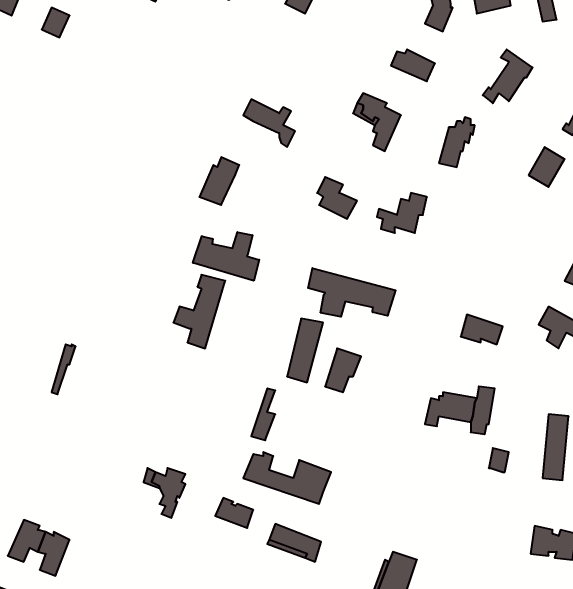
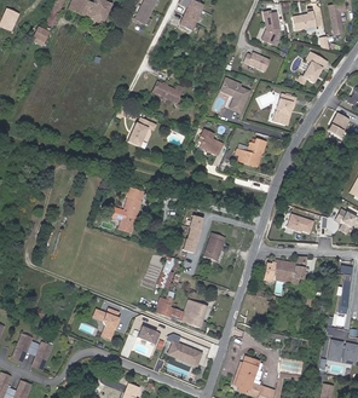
building: [193,232,259,281] -> none
building: [308,268,396,317] -> none

